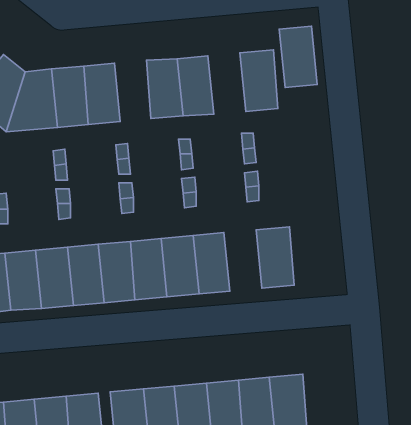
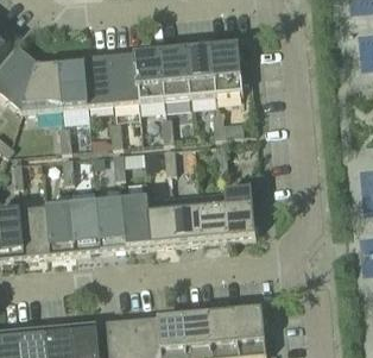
building: [279,26,317,87] -> [185,45,216,95]
building: none -> [109,51,139,101]
building: none -> [198,189,229,239]

